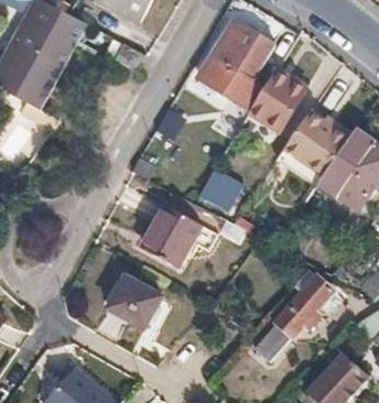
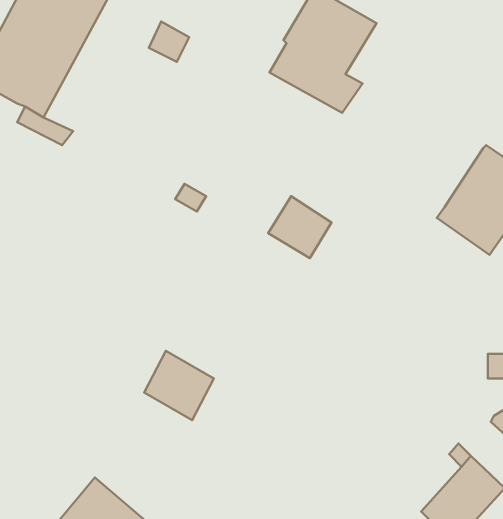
building: [250,69,305,130] -> none
building: [284,106,351,175] -> none
building: [141,206,198,268] -> none
building: [257,269,332,361] -> none

